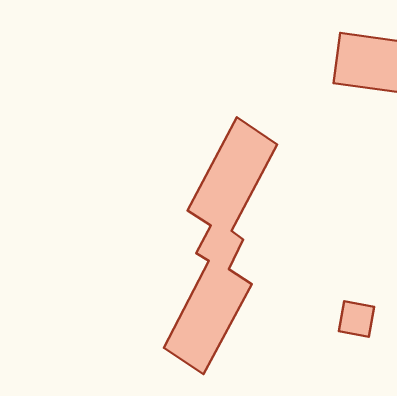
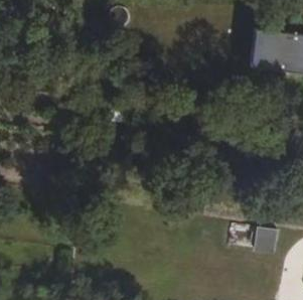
building: [164,117,277,374] -> none

